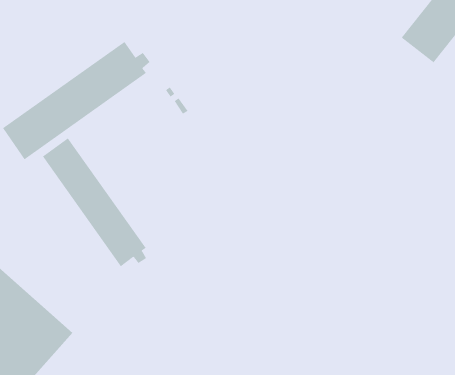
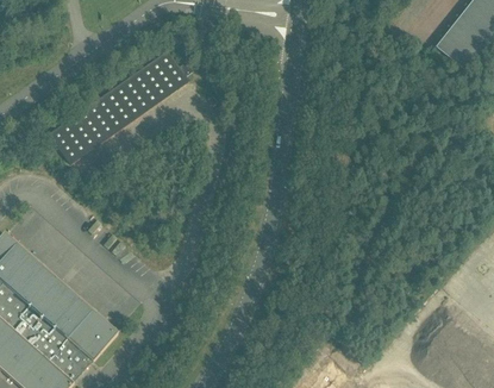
building: [42,137,147,267] -> none

